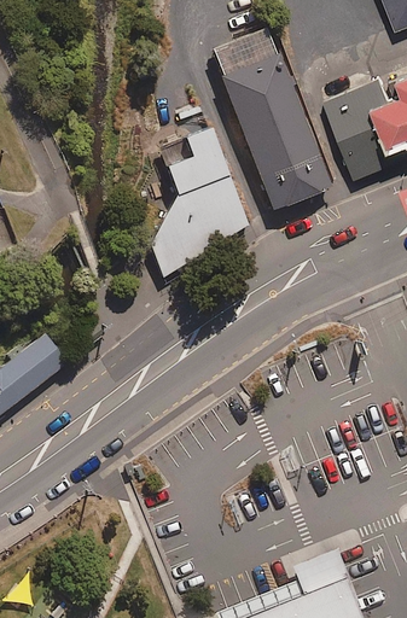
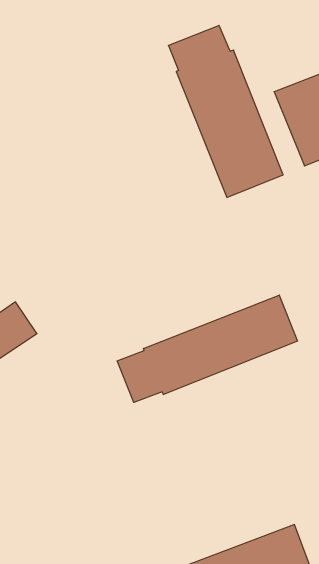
building: [152,126,251,278] -> none
building: none -> [117,295,297,402]

